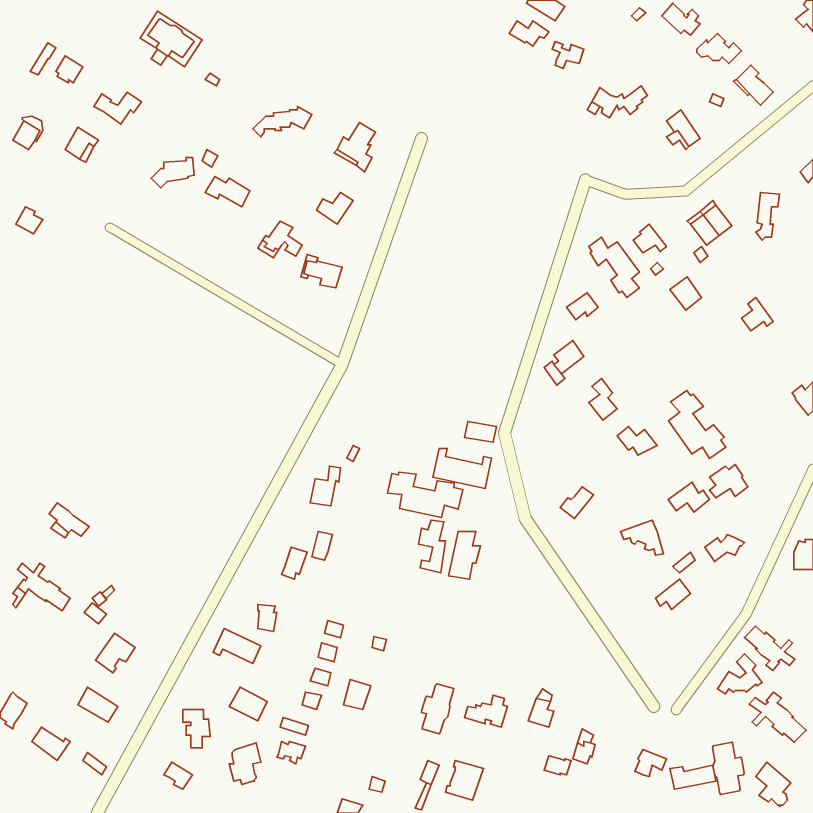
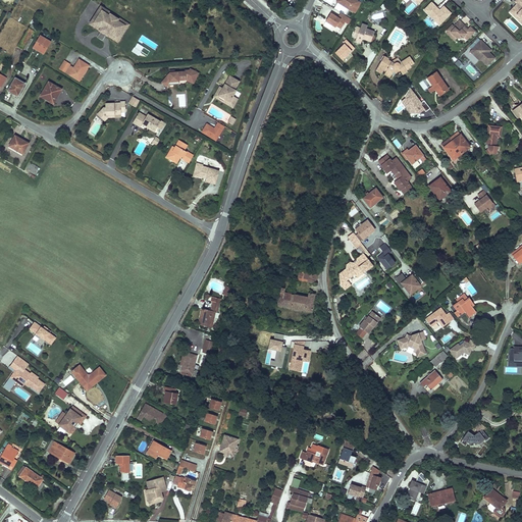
building: none -> [402,88,430,114]
building: [669,391,726,459] -> none
building: none -> [341,254,373,289]
building: [387,472,463,518] -> none
building: none -> [72,364,107,386]
building: [745,626,795,671] -> none
building: [422,684,454,734] -> none
building: [749,692,806,742] -> none
building: [712,742,744,795] -> none

